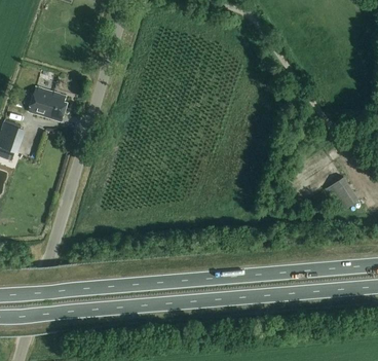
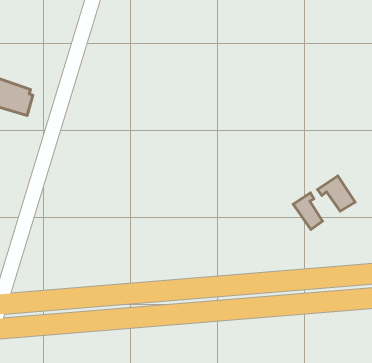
building: none -> [293,193,322,230]

